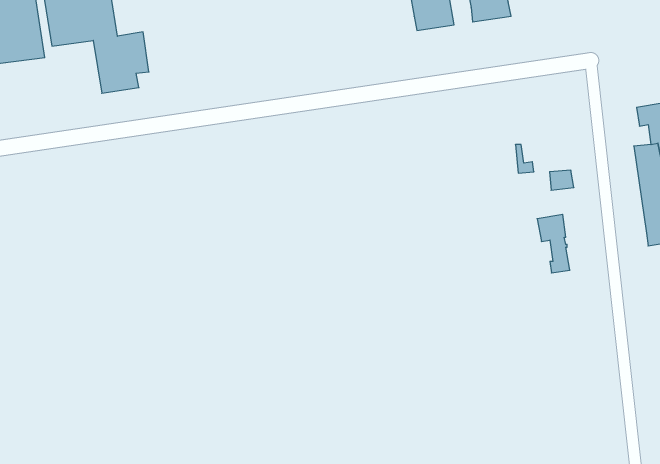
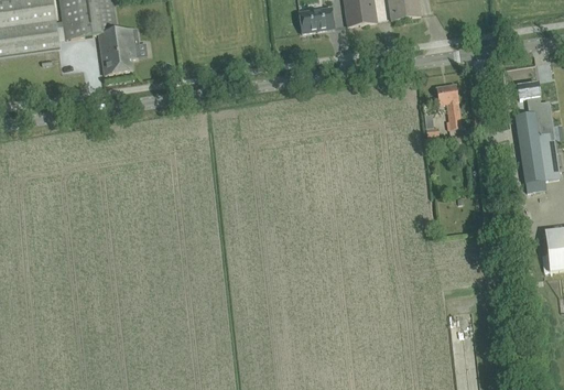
building: none -> [299,7,335,32]
building: [537,214,570,273] -> [436,84,462,129]

